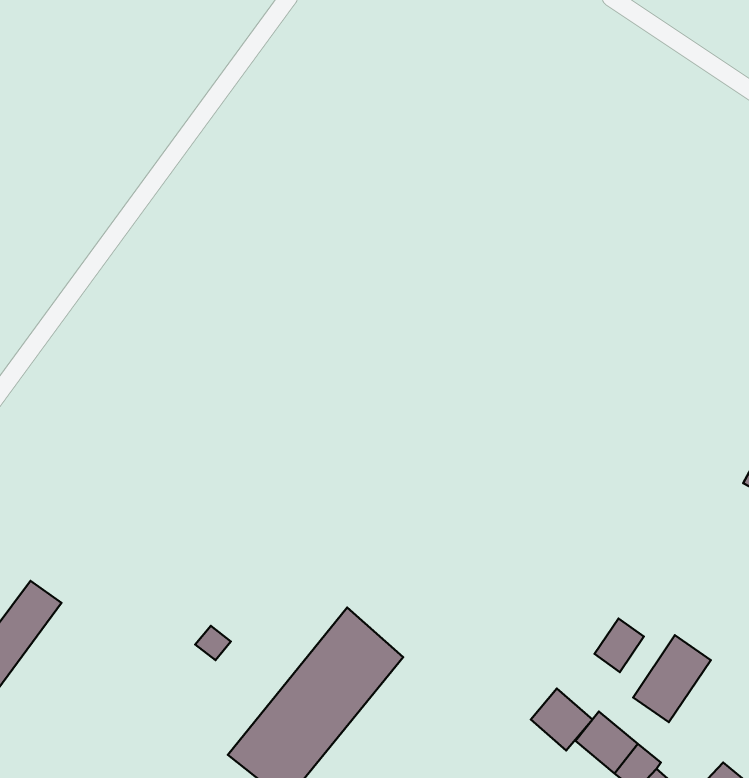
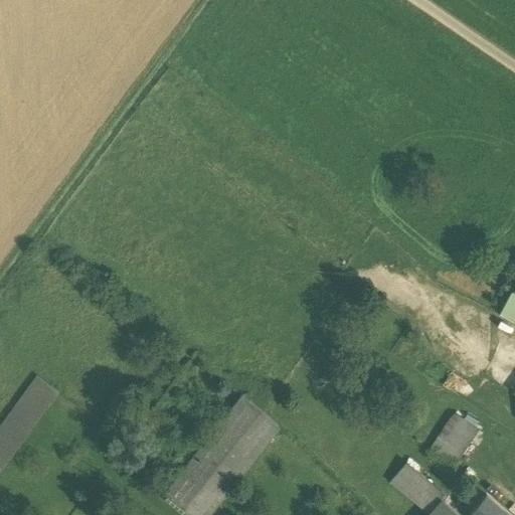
building: [595,618,644,672] -> none
building: [531,688,592,751] -> none

